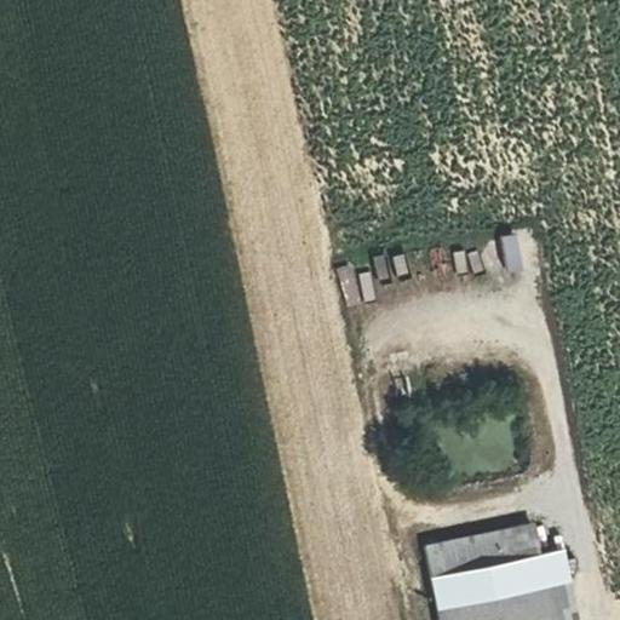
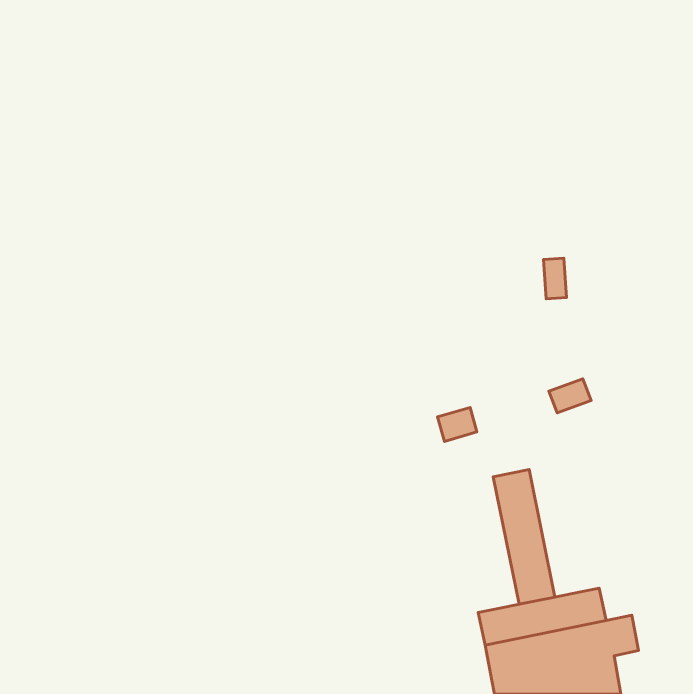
building: none -> [493,470,555,604]

